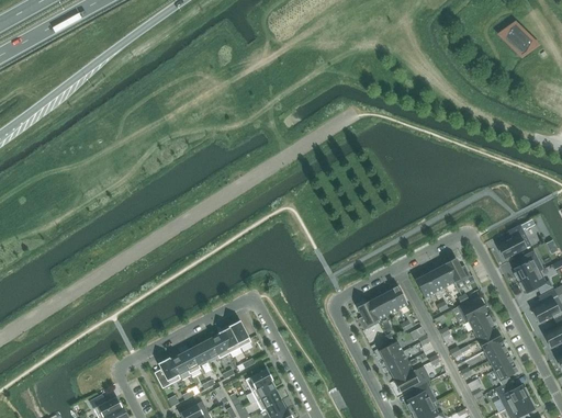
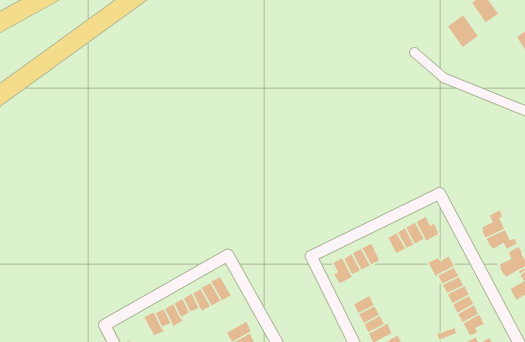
building: none -> [447,14,479,48]
building: [498,226,531,260] -> none

